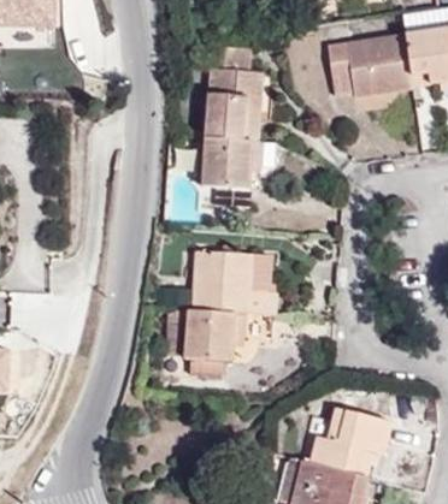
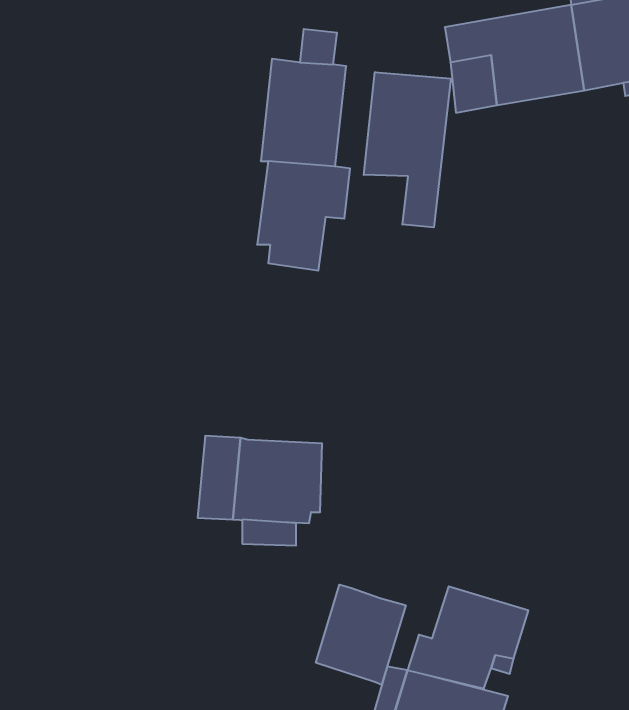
building: none -> [364,72,451,227]
building: [194,256,279,318] -> none
building: none -> [316,585,406,685]

